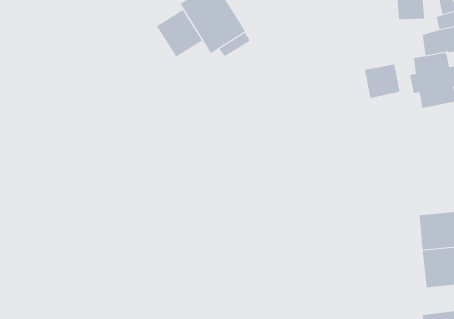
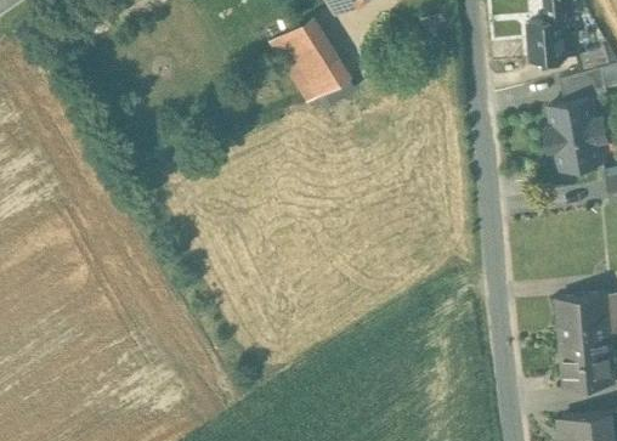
building: [156,9,203,57] -> none
building: [364,63,400,99] -> none

